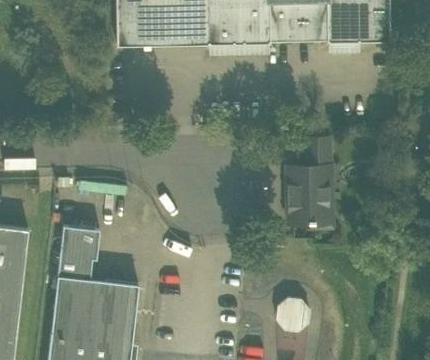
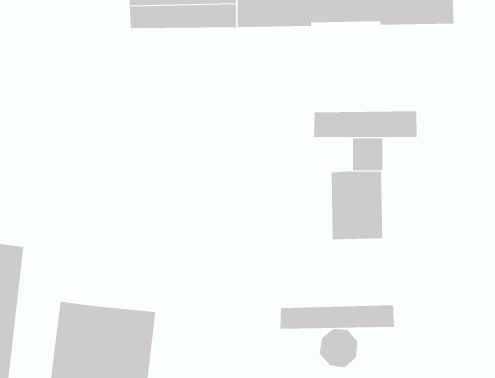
building: none -> [313,111,417,138]
building: [57,224,99,278] -> none
building: none -> [280,305,394,330]

